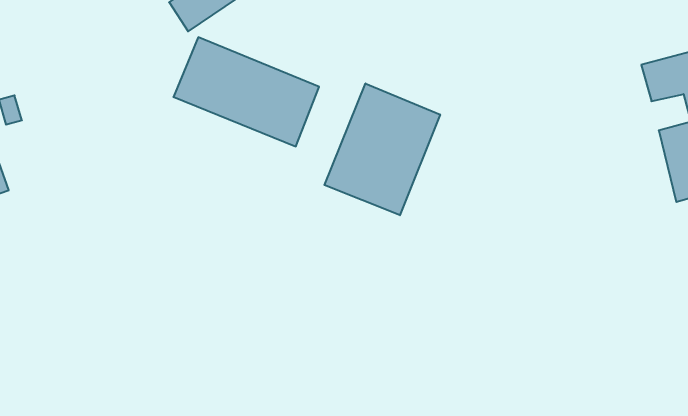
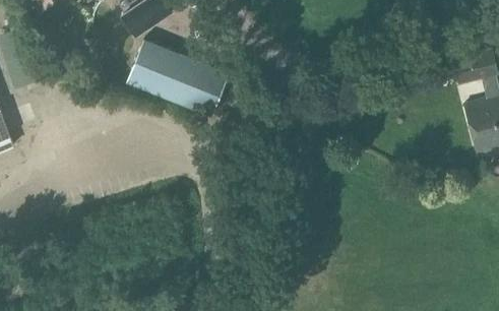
building: [324,83,440,215] -> none

